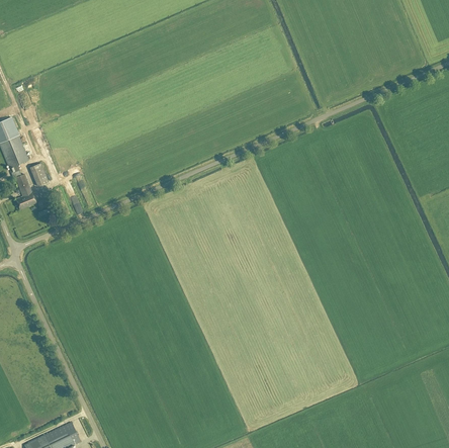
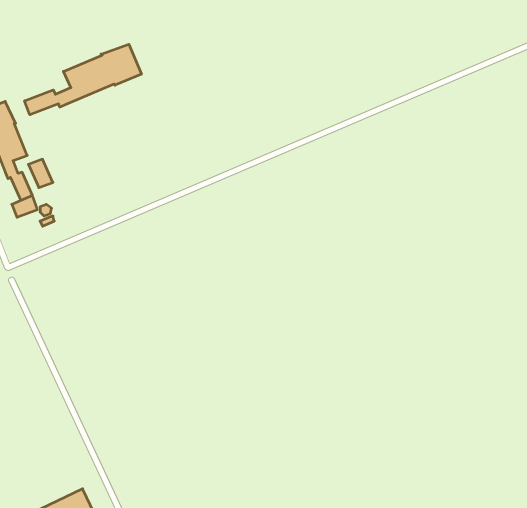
building: none -> [25,44,141,115]

